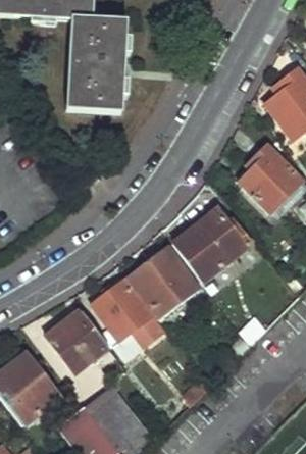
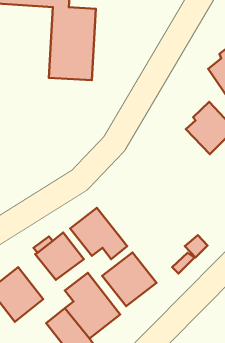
building: [174,208,245,278] -> none
building: [131,246,200,314] -> [102,252,157,306]

